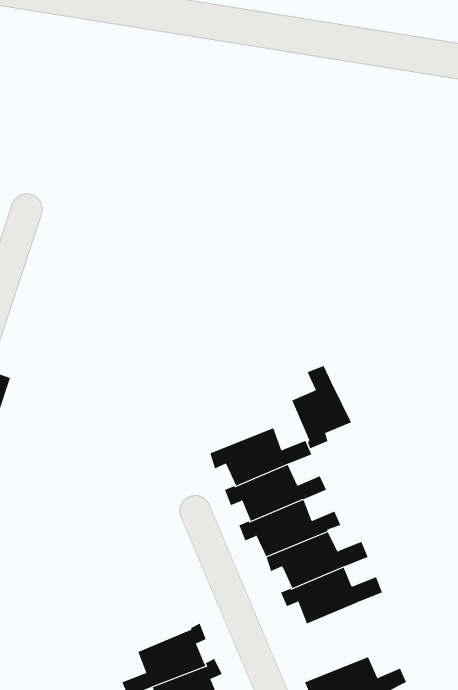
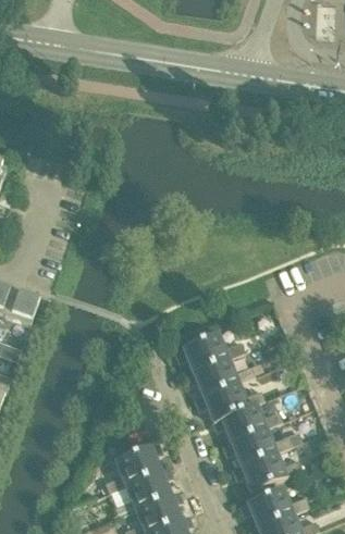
building: [291,365,352,449] -> none
building: none -> [104,440,162,489]
building: none -> [232,449,303,489]

